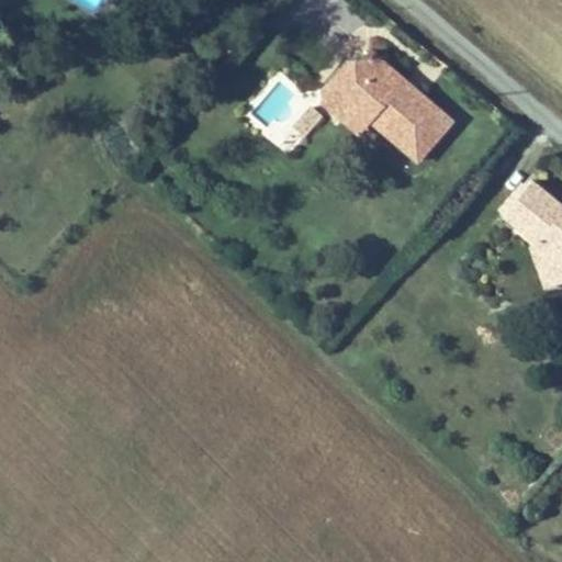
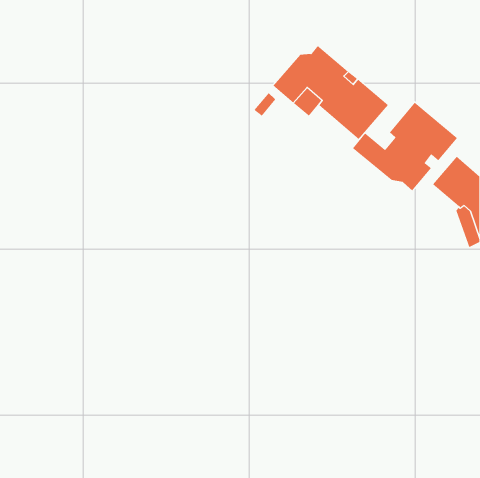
building: none -> [352,102,458,191]

